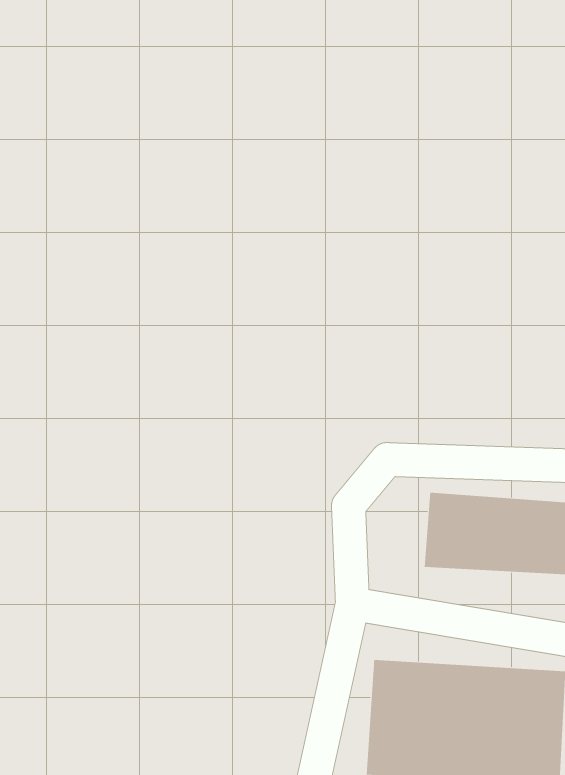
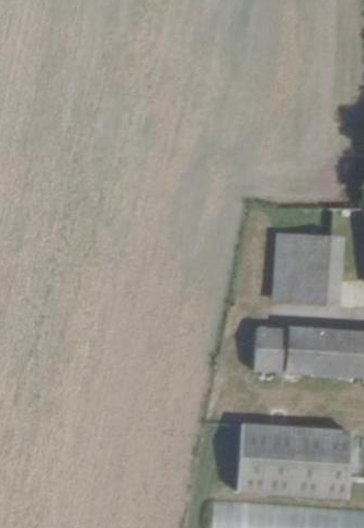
building: none -> [280,238,330,306]
building: none -> [241,326,280,372]

